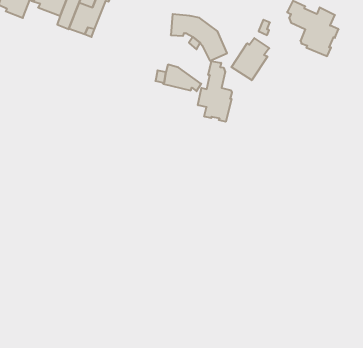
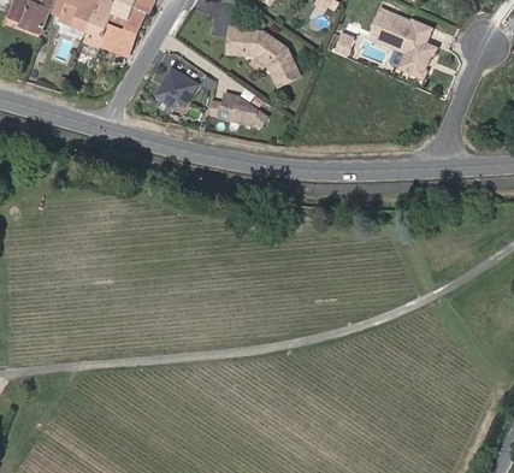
building: [231,38,269,80] -> none
building: none -> [154,66,197,105]
building: [198,61,232,122] -> none

